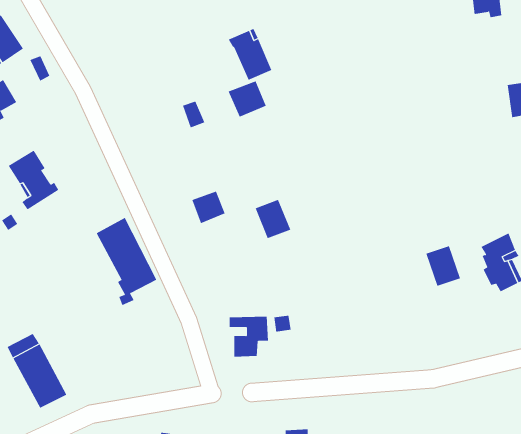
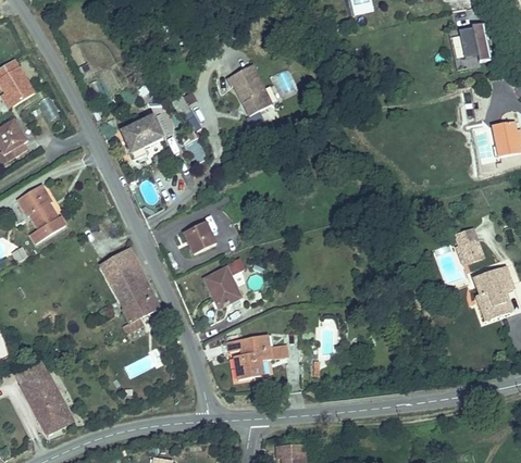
building: none -> [124,116,162,150]
building: [228,81,267,118] -> none
building: [255,199,291,239] -> [211,274,246,312]
building: [425,246,461,287] -> [450,227,484,266]

